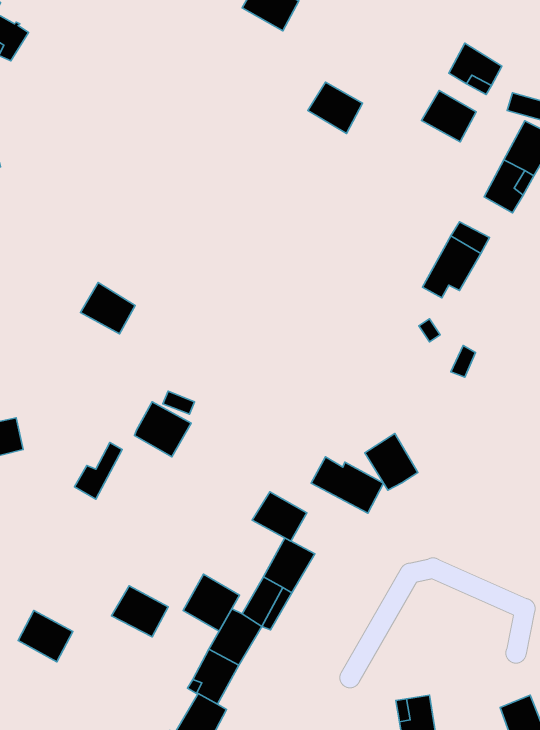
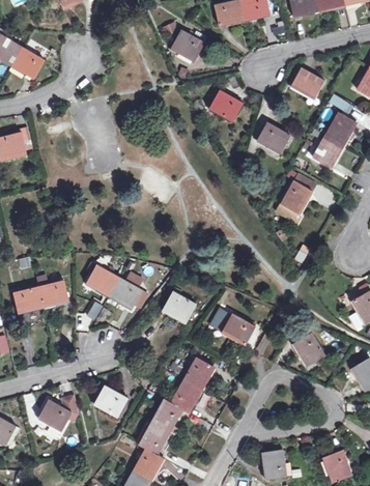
building: [421,91,476,142] -> [257,122,289,152]
building: [81,282,135,334] -> [86,264,118,294]
building: none -> [36,276,68,306]
building: [365,433,418,490] -> [292,334,323,367]
building: [252,492,307,541] -> [163,292,195,321]
building: [183,574,239,631] -> none

